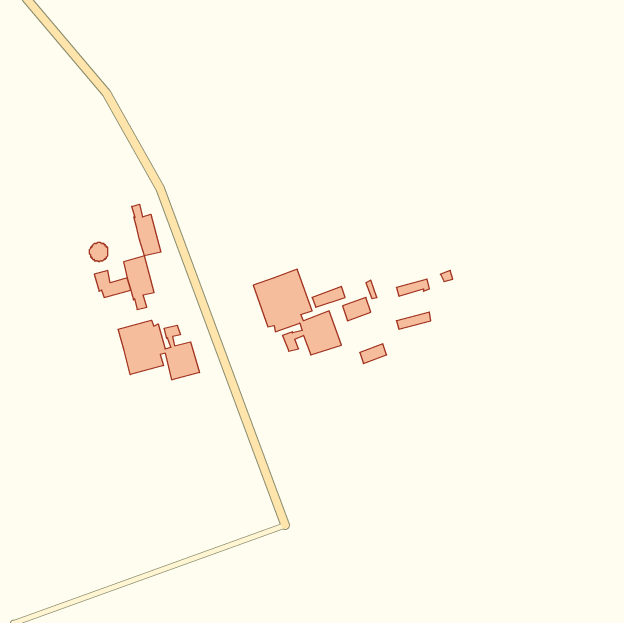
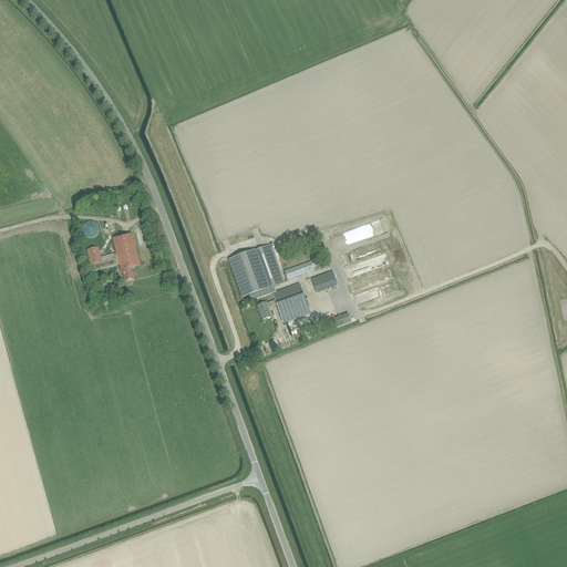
building: [132,204,161,256] -> none
building: [118,320,199,380] -> none

